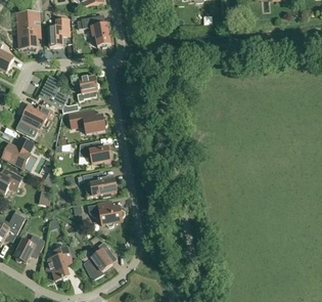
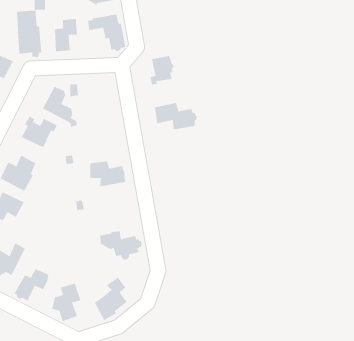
building: [77,76,98,101] -> [150,55,175,85]
building: [68,110,106,133] -> [154,103,198,130]
building: [82,171,117,197] -> none

